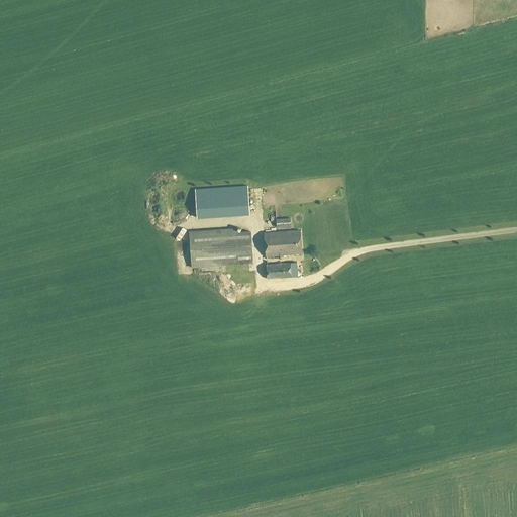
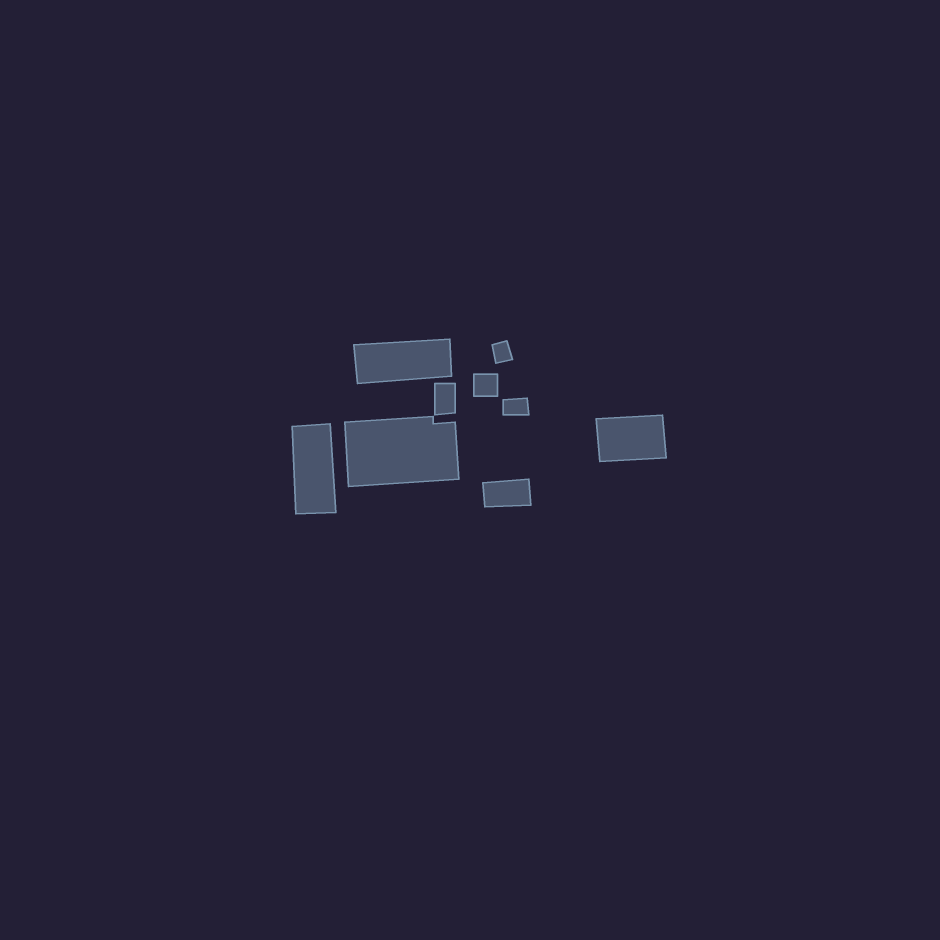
building: [263,230,301,255] -> [596,415,666,461]
building: none -> [292,424,336,514]

